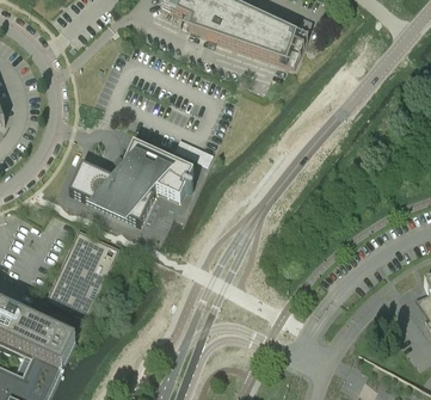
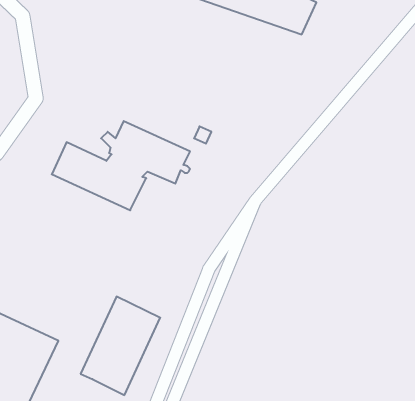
building: [48,226,119,314] -> [81,297,160,395]

